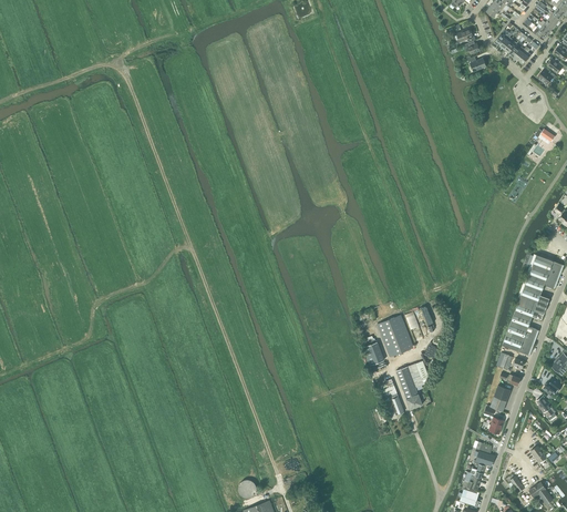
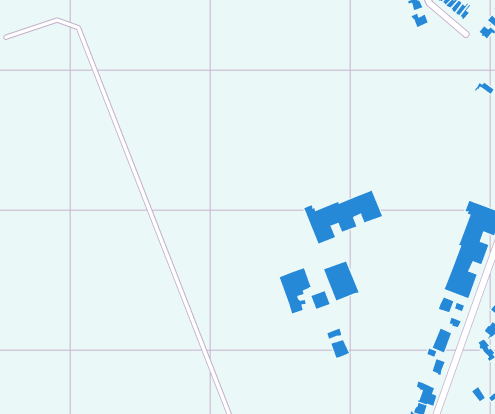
building: none -> [304,189,383,244]
building: [396,360,431,409] -> [279,268,312,314]

